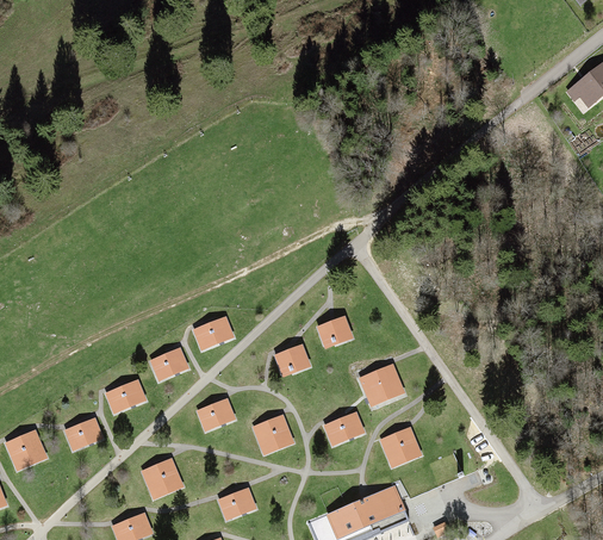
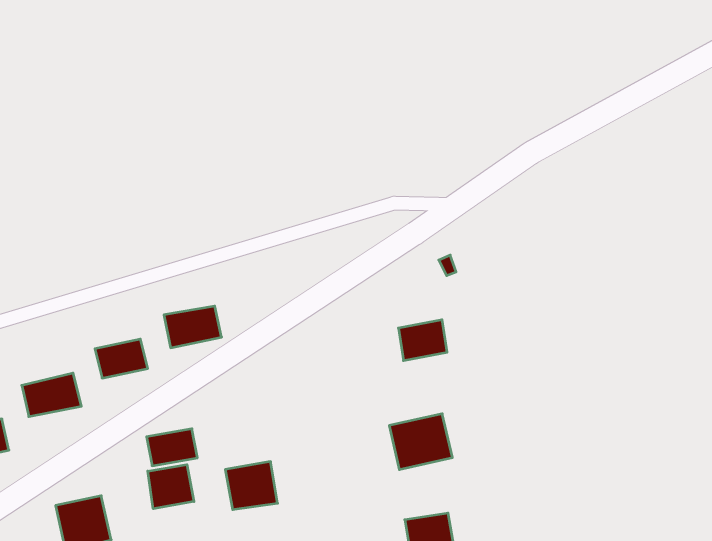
building: [316,316,352,348] -> [398,320,447,361]
building: [273,345,310,378] -> none
building: [323,411,365,446] -> none
building: none -> [148,465,194,509]

